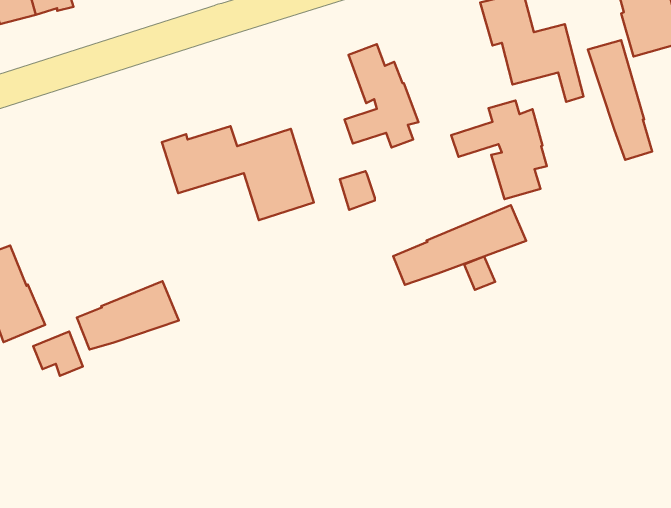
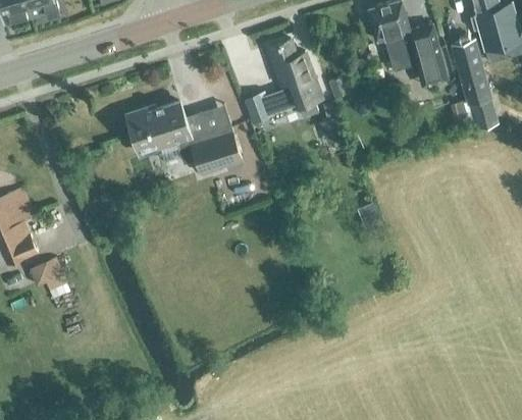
building: [451,100,547,199] -> none
building: [340,171,375,210] -> [245,96,271,125]
building: [393,205,526,285] -> none
building: [77,281,179,350] -> none

